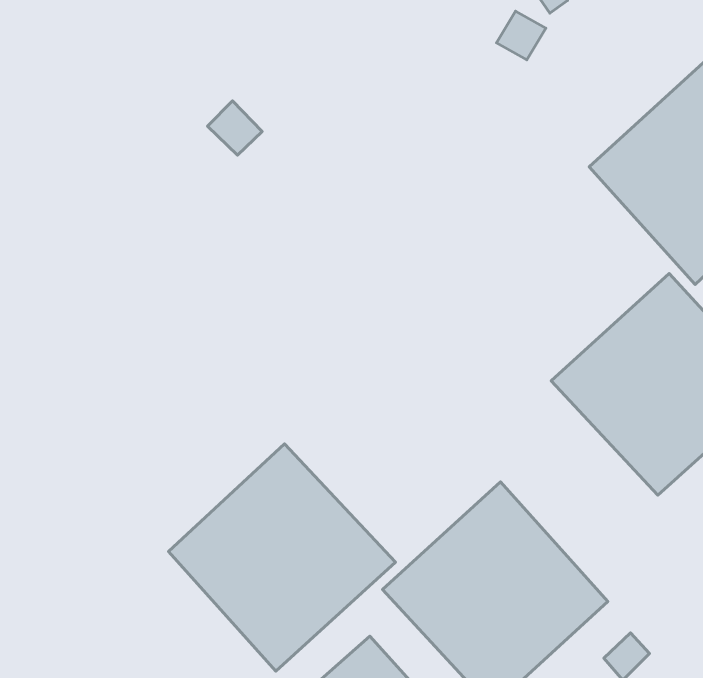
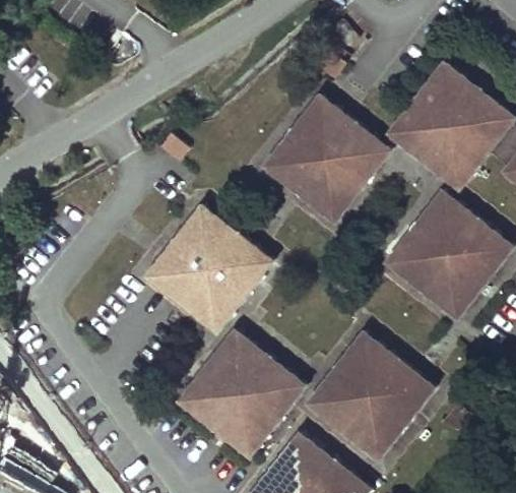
building: none -> [260,94,393,226]
building: none -> [142,202,275,335]

